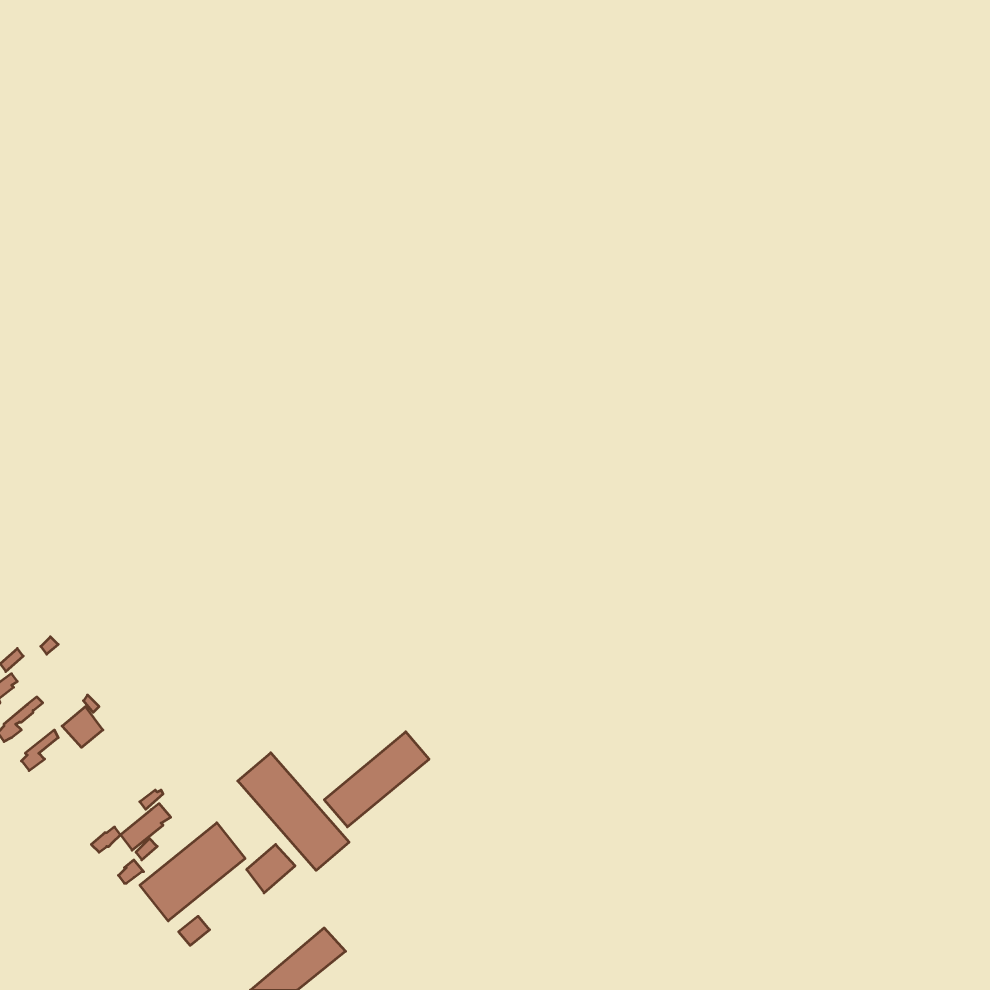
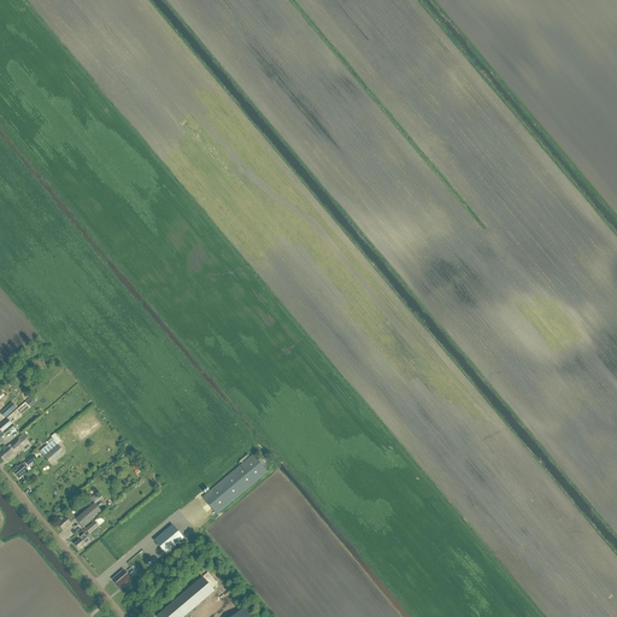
building: [238,753,349,870] -> none
building: [140,823,245,921] -> none

